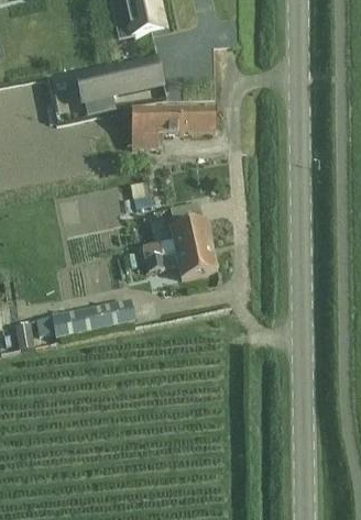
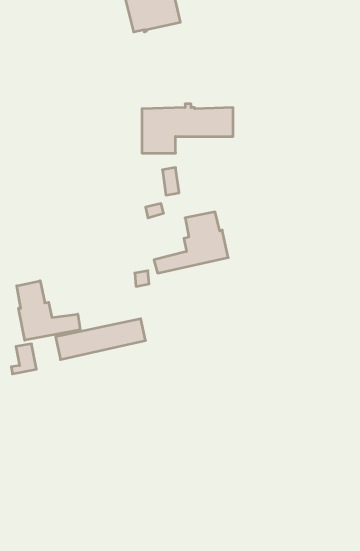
building: [84,56,163,114] -> none
building: [145,244,217,277] -> none
building: none -> [17,281,80,340]

